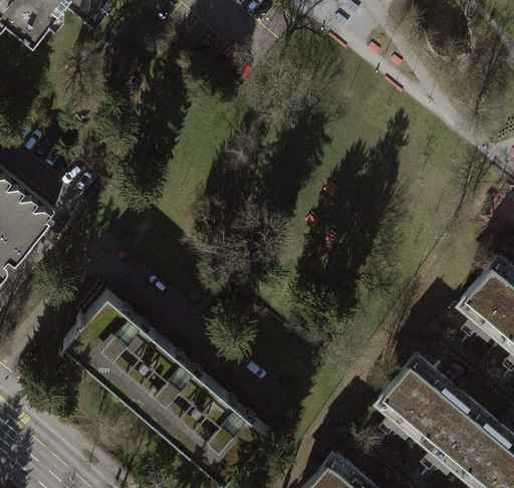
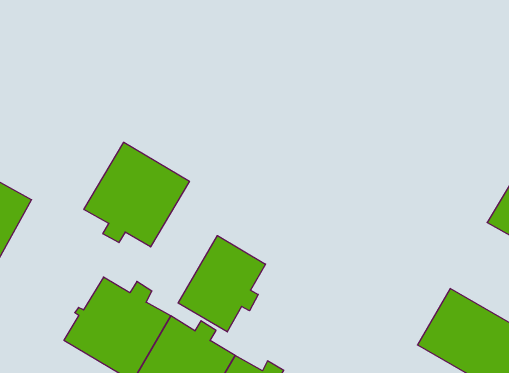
building: none -> [84,142,189,247]
building: none -> [178,236,266,332]

